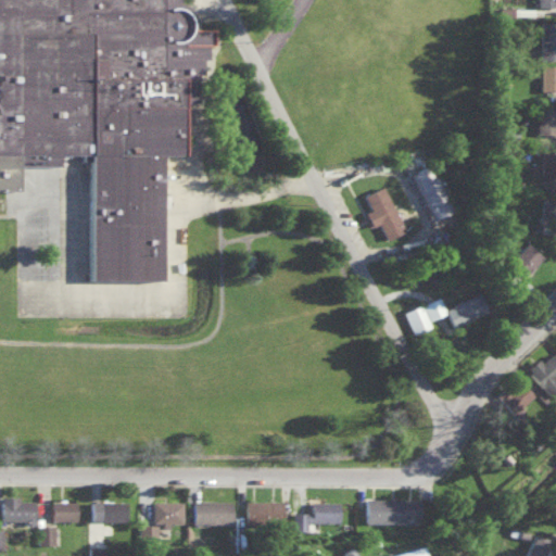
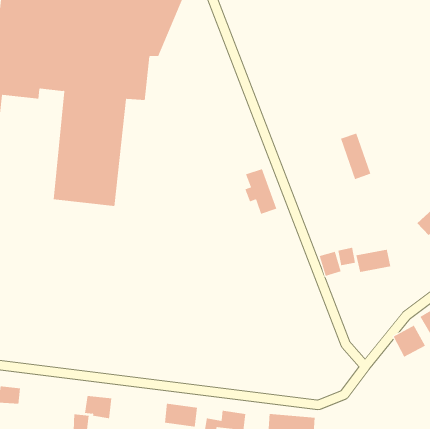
building: [366,188,407,241] -> [244,169,277,215]
building: [194,502,233,526] -> none
building: [93,503,128,522] -> none

